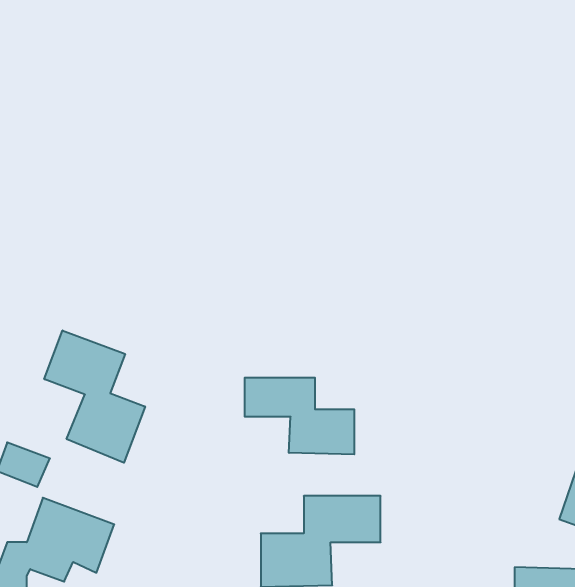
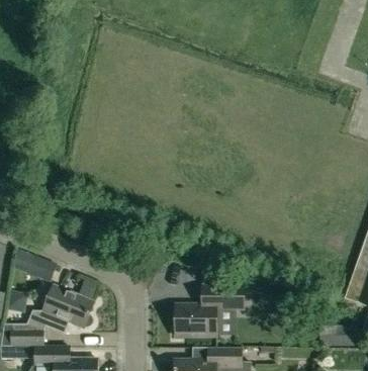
building: [44,330,145,463] -> none
building: [245,378,354,454] -> none

